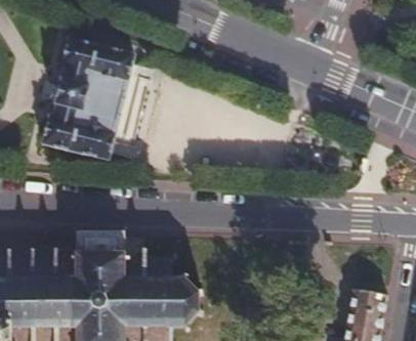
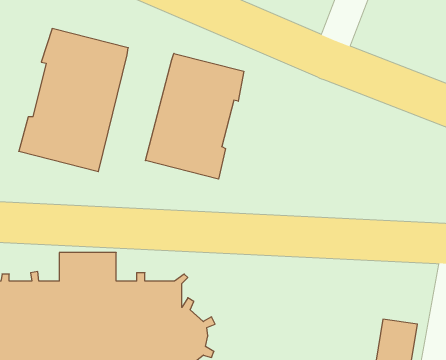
building: none -> [145,53,244,179]

